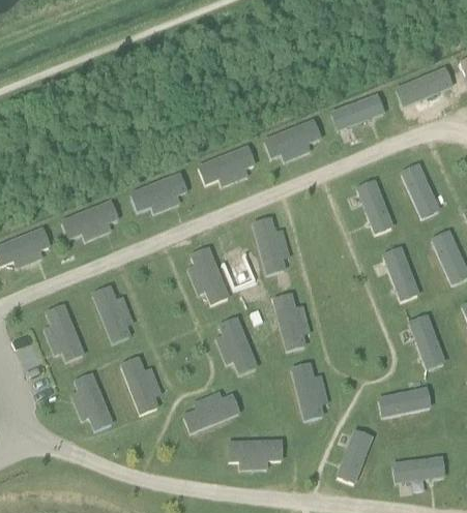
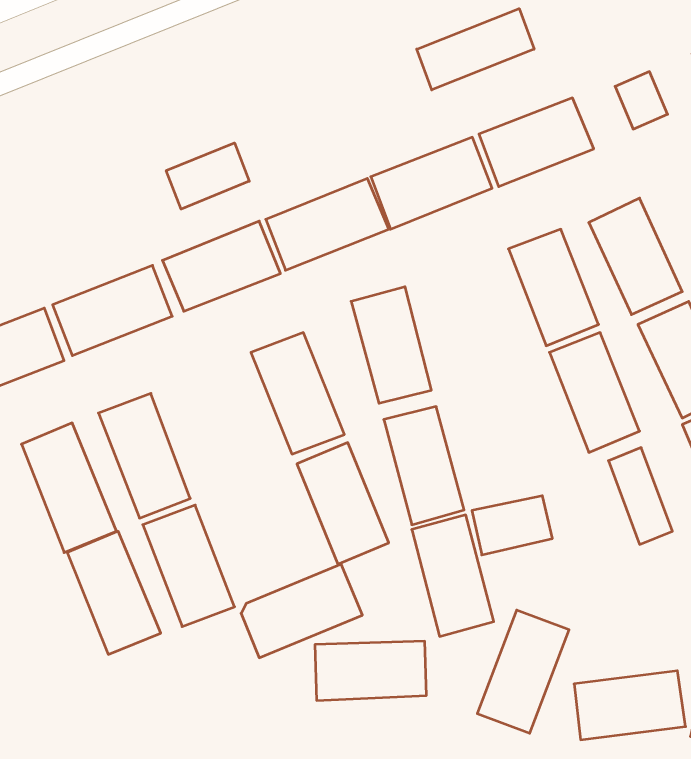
building: none -> [417,9,534,90]
building: none -> [166,143,249,209]
building: [381,382,432,419] -> [472,496,552,555]

